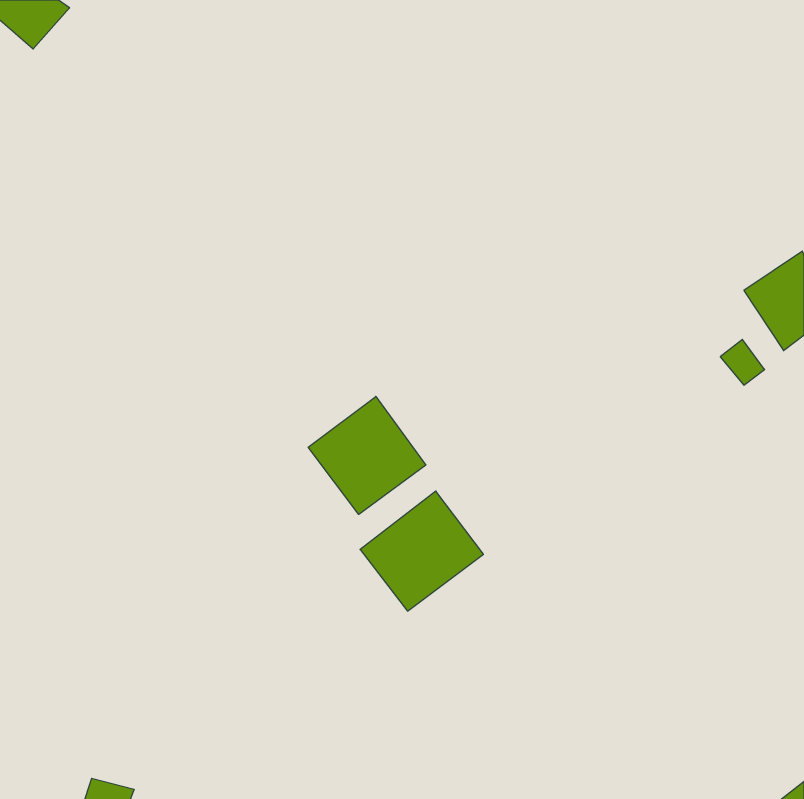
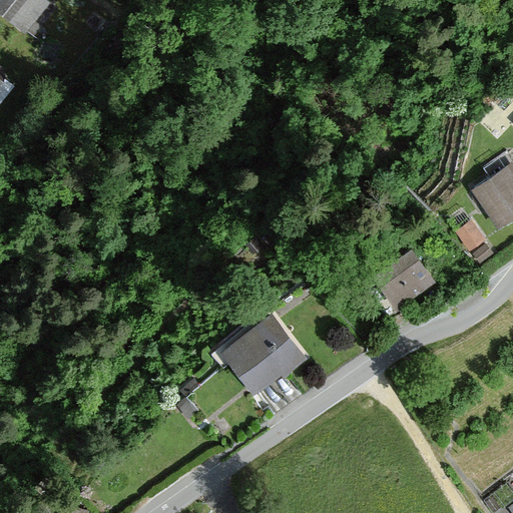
building: none -> [373,250,432,309]
building: [308,396,426,514] -> none

